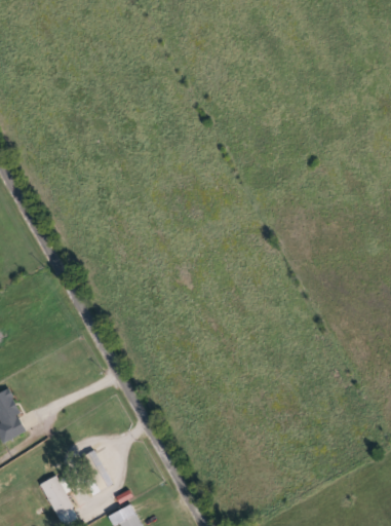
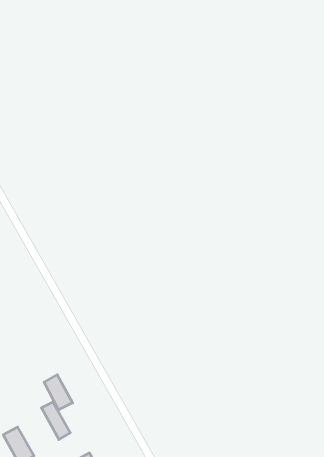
building: none -> [44,375,73,410]

